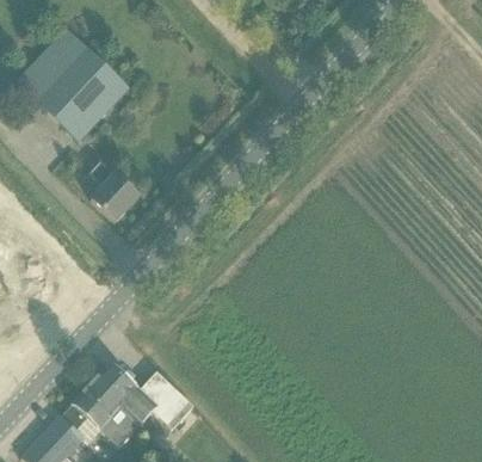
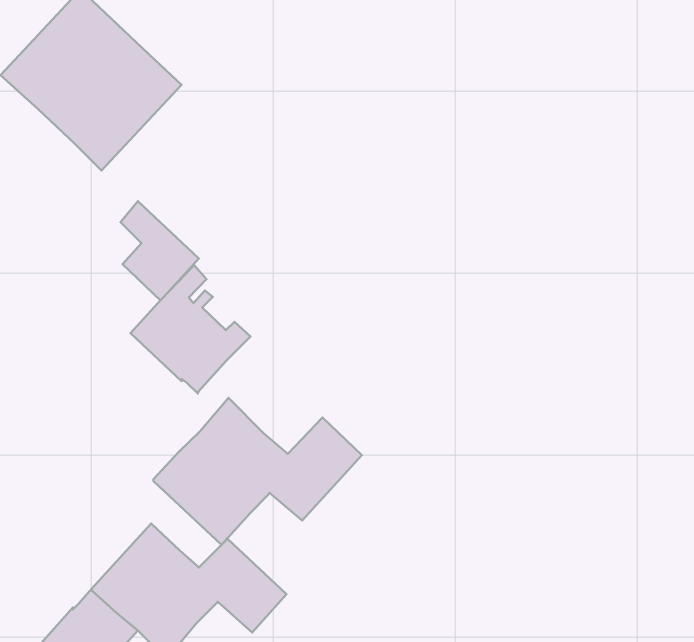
building: none -> [131,265,250,394]
building: none -> [153,398,362,545]

